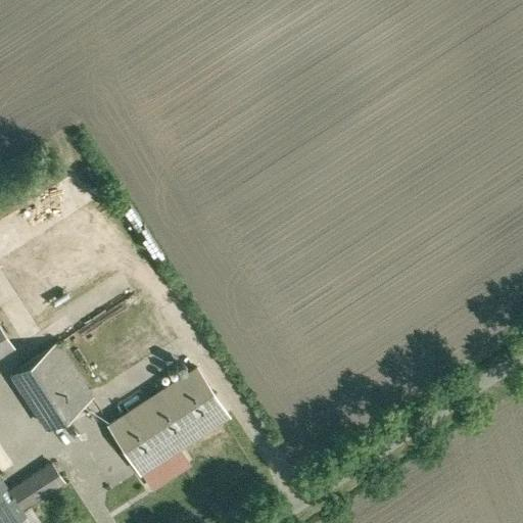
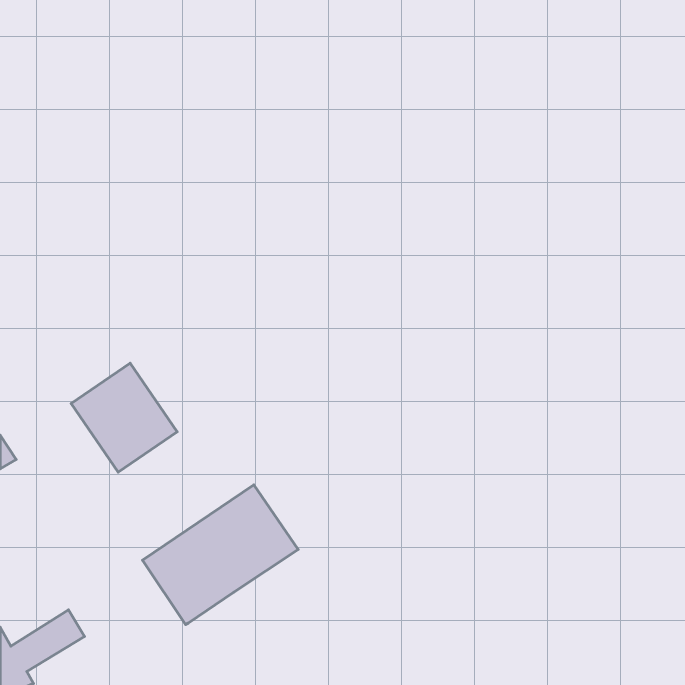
building: [9,346,90,429] -> [71,363,177,472]
building: [144,451,189,491] -> none

